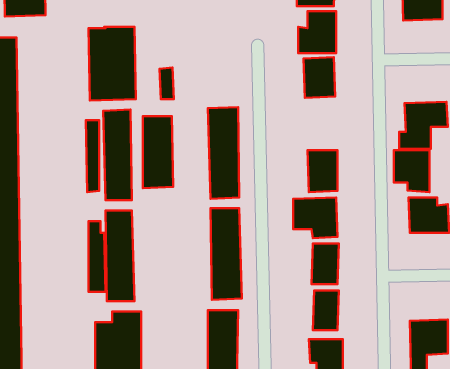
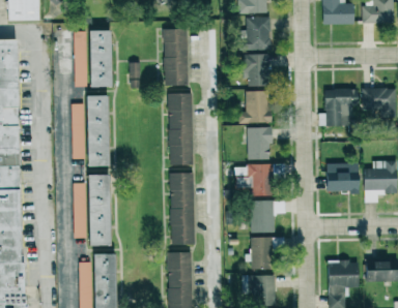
building: none -> [238,91,272,123]
building: [143,116,173,188] -> [164,29,188,86]
building: [394,150,430,192] -> none

